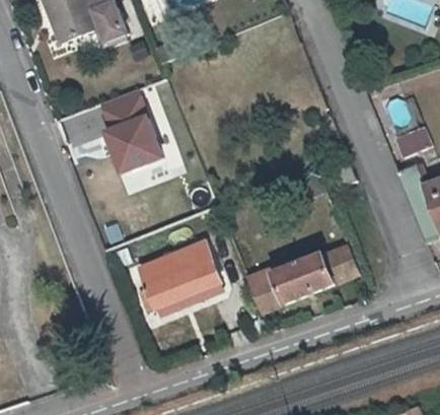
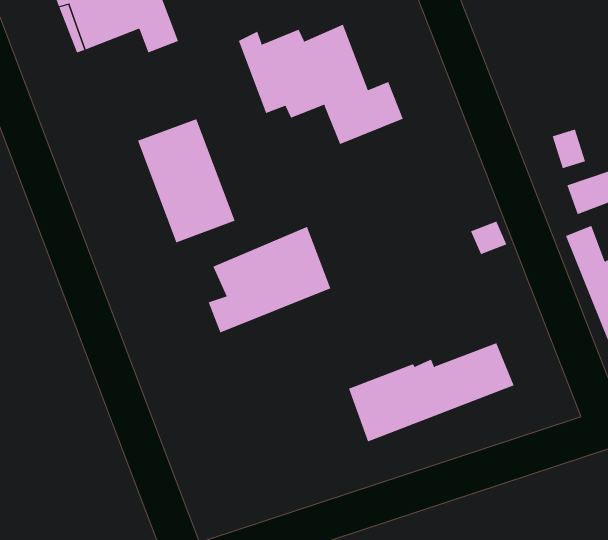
building: none -> [238,24,403,145]
building: [137,239,221,313] -> [208,226,331,333]

